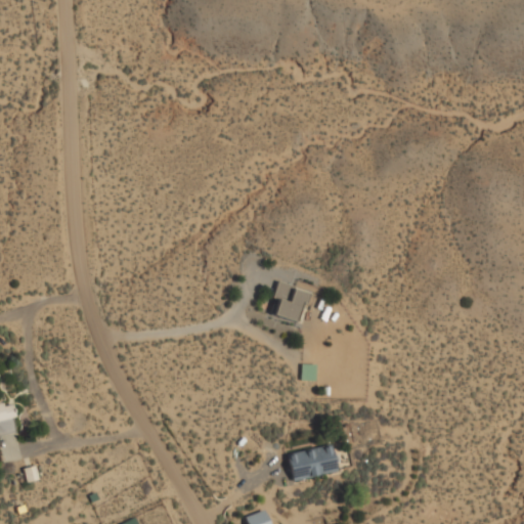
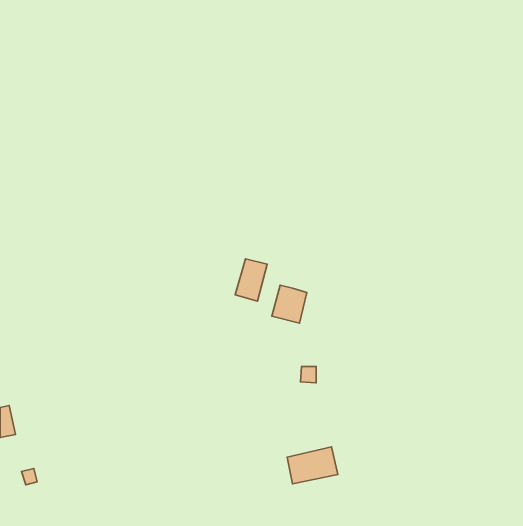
building: none -> [235,259,267,301]

